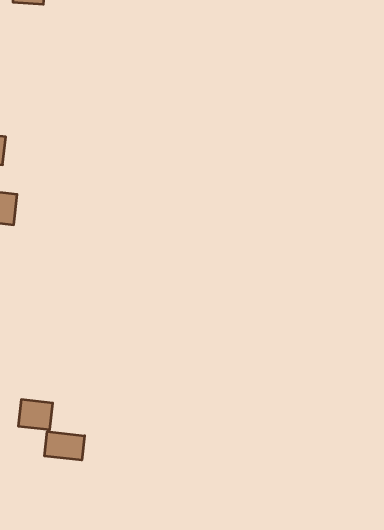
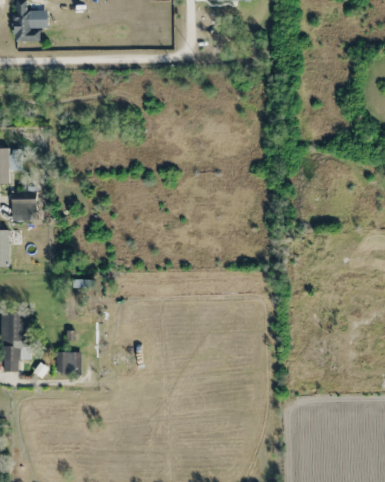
building: [45,432,85,460] -> none

